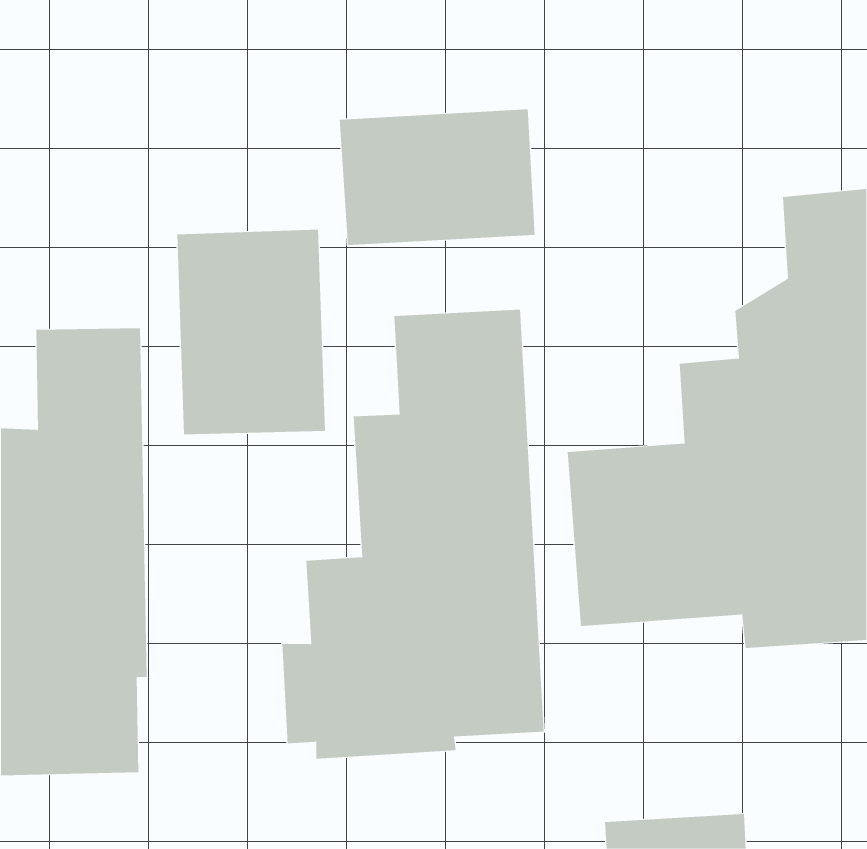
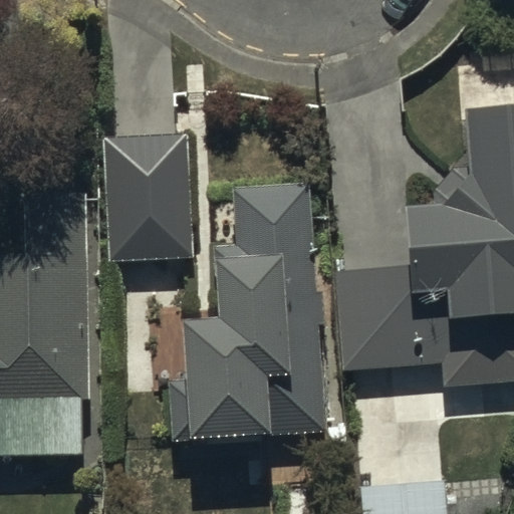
building: [339,108,535,246] -> none

